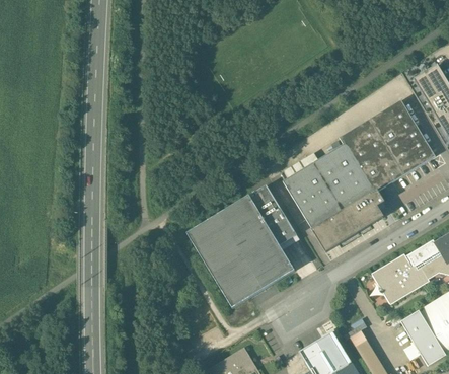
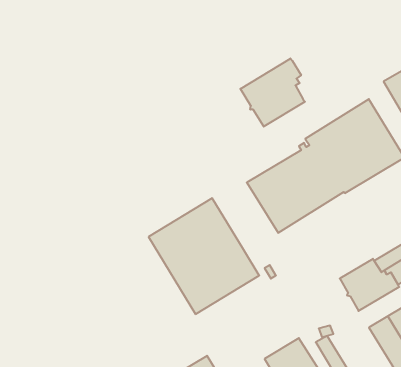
building: none -> [240,58,305,127]
building: [248,184,296,245] -> none
building: [312,190,383,251] -> none

